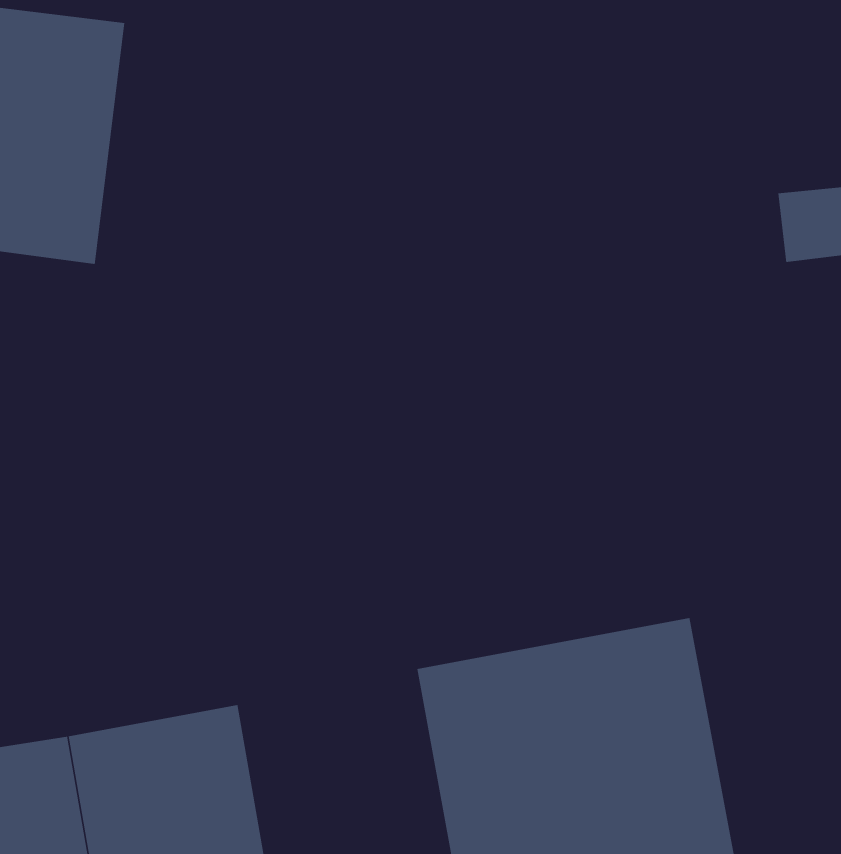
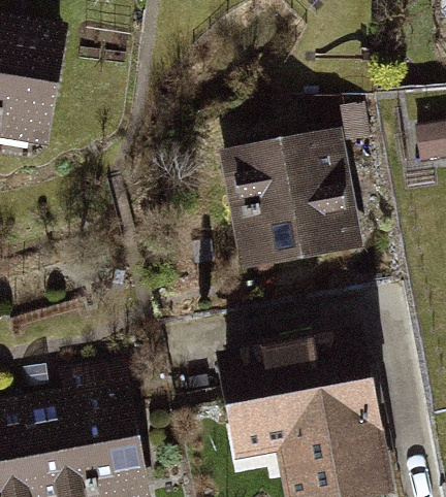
building: none -> [217,129,361,278]

